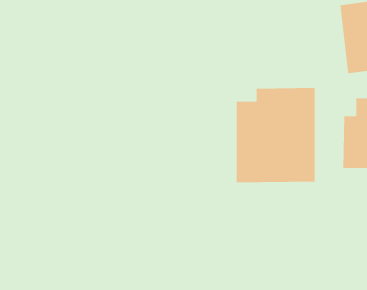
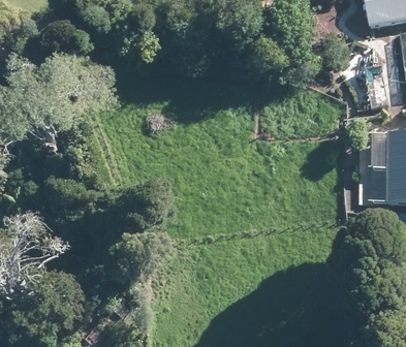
building: [236,87,315,183] -> none

